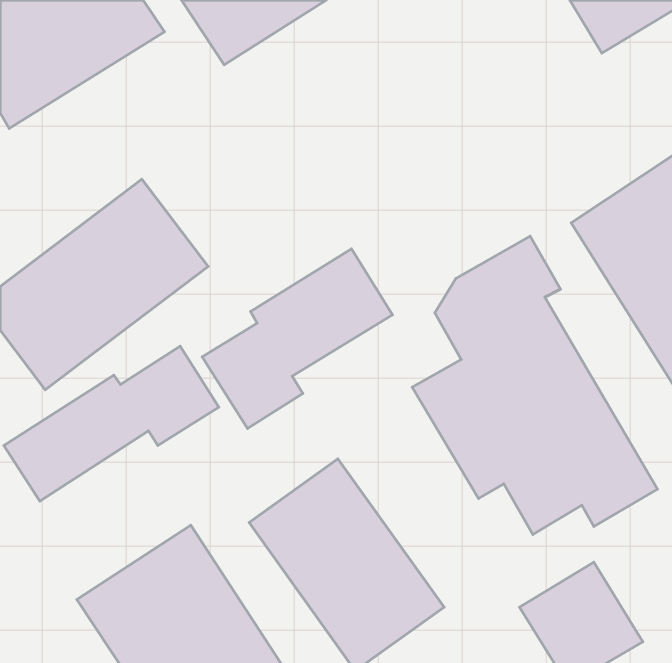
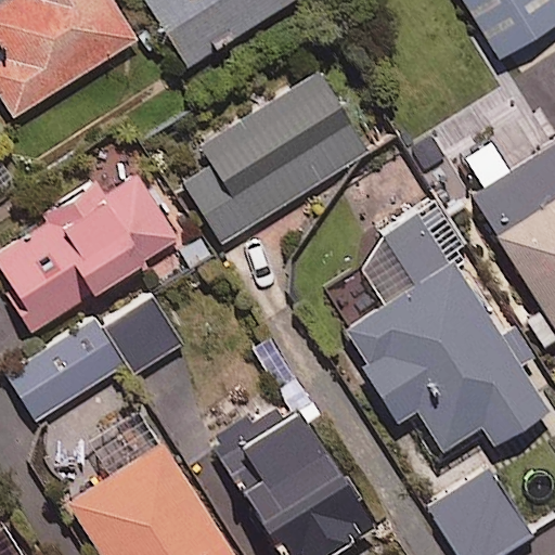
building: none -> [171,72,387,244]
building: [202,249,392,428] -> none

